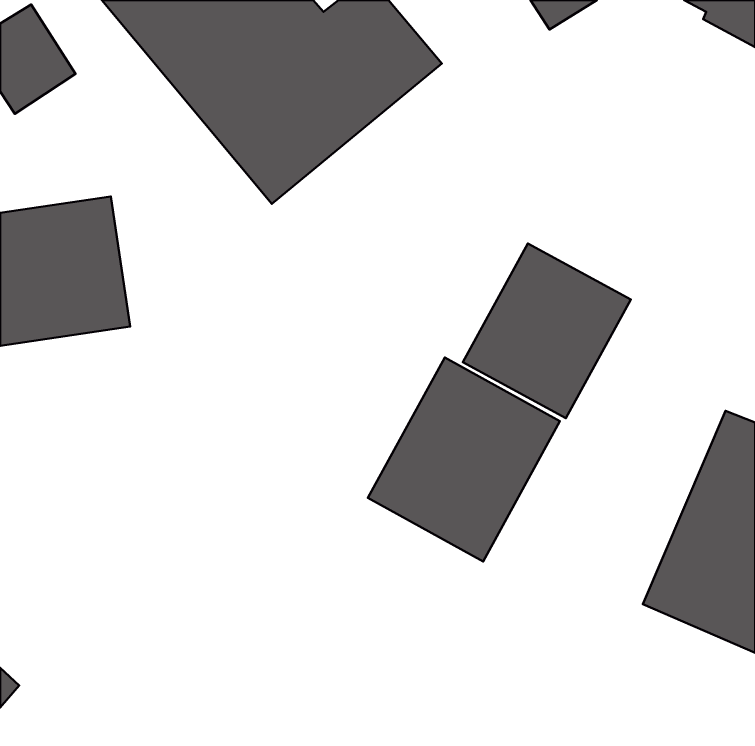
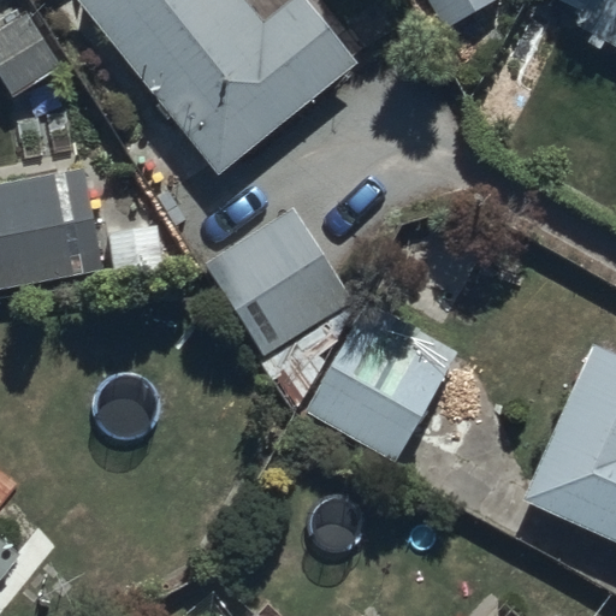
building: none -> [200,203,353,356]
building: [463,243,631,418] -> none

